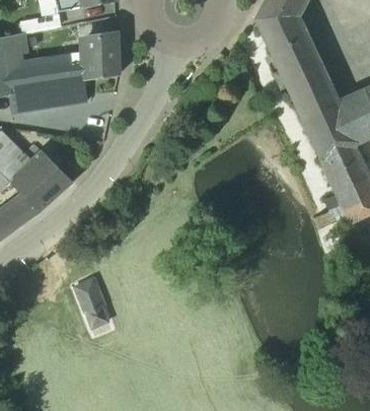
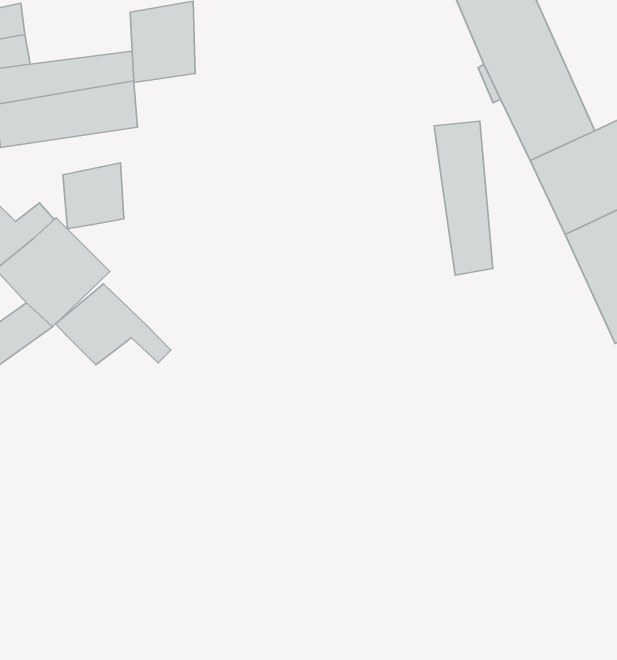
building: none -> [434,121,493,275]
building: none -> [63,163,124,229]
building: none -> [56,284,171,365]
building: [76,279,109,328] -> none

